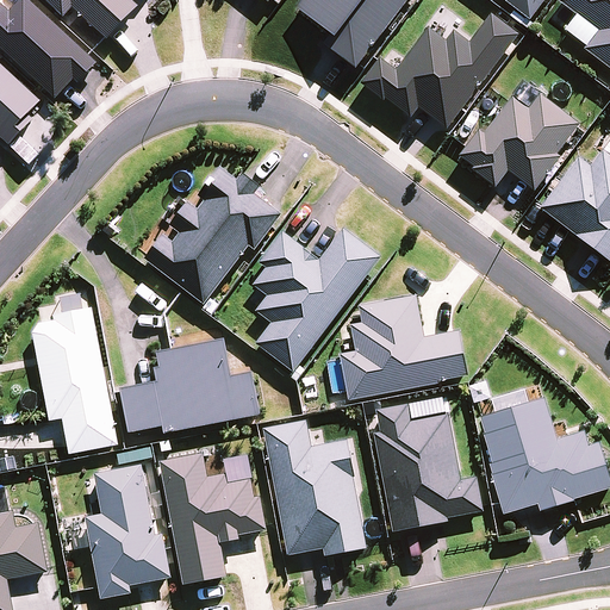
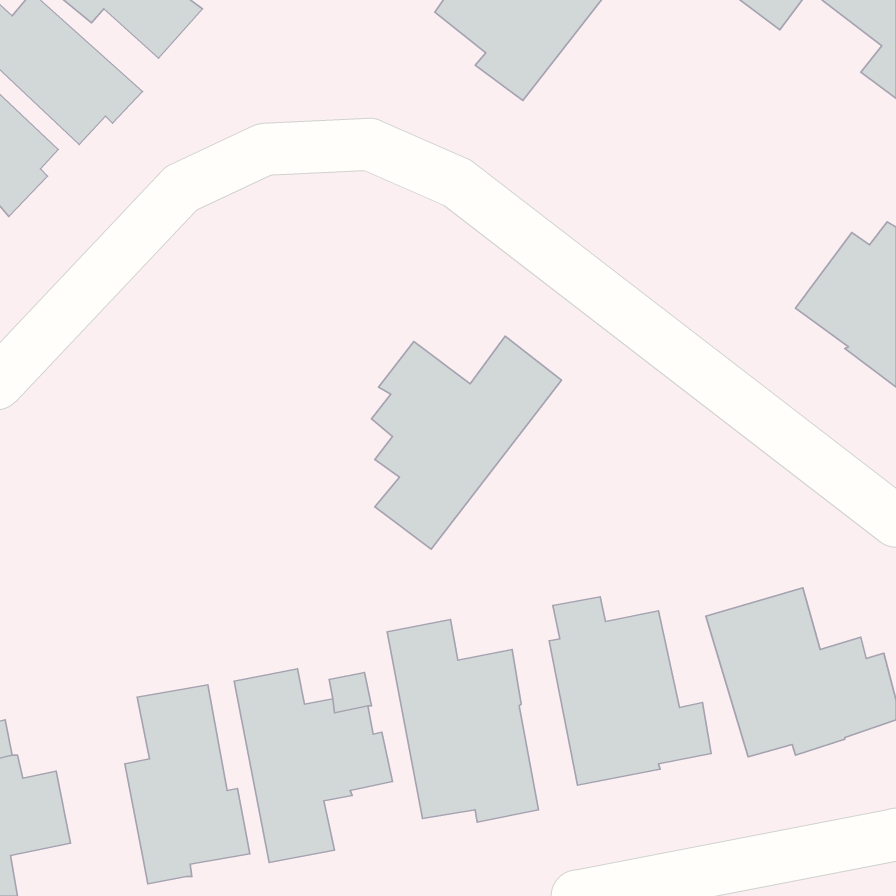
building: [359,13,517,127] -> none
building: [458,93,578,191] -> none
building: [143,168,280,304] -> none
building: [338,295,466,400] -> none
building: [31,309,117,454] -> none
building: [119,340,259,434] -> none

